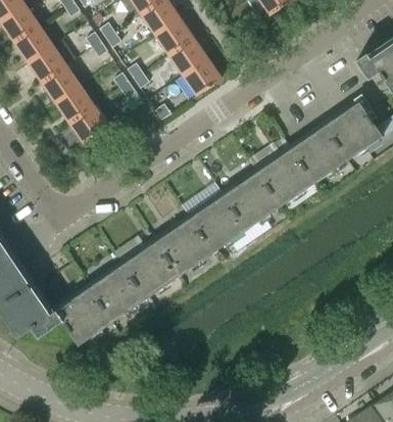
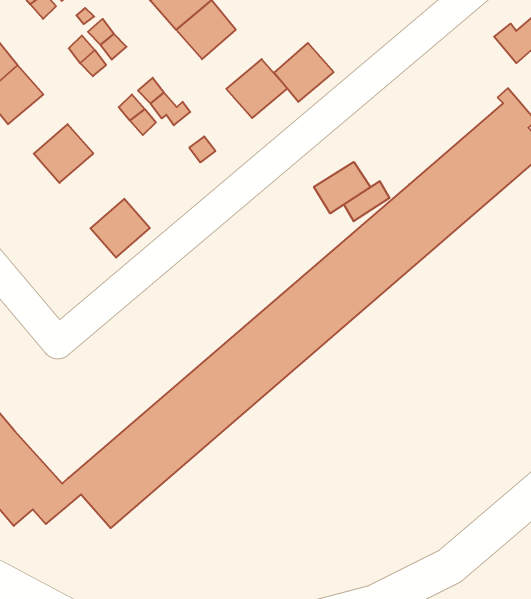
building: [168,37,206,74] -> [274,43,334,102]
building: [41,64,79,101] -> none
building: [69,105,107,142] -> [90,199,150,258]
building: none -> [314,162,371,213]

